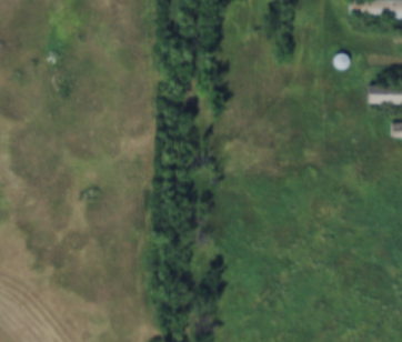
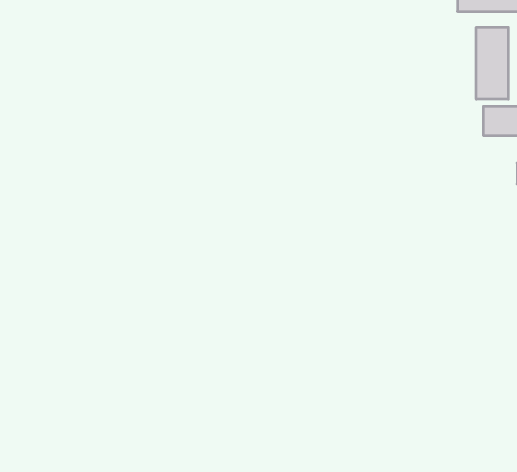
building: none -> [476,27,508,99]

